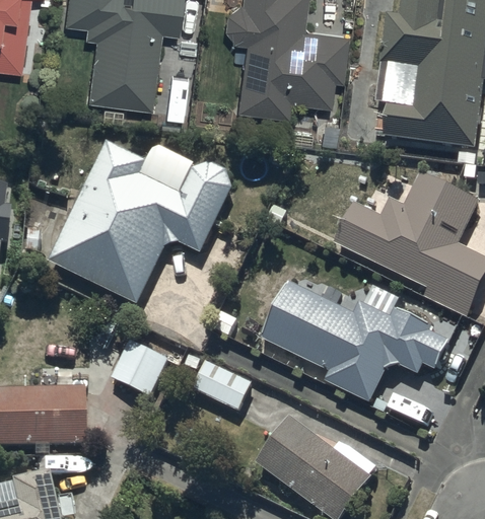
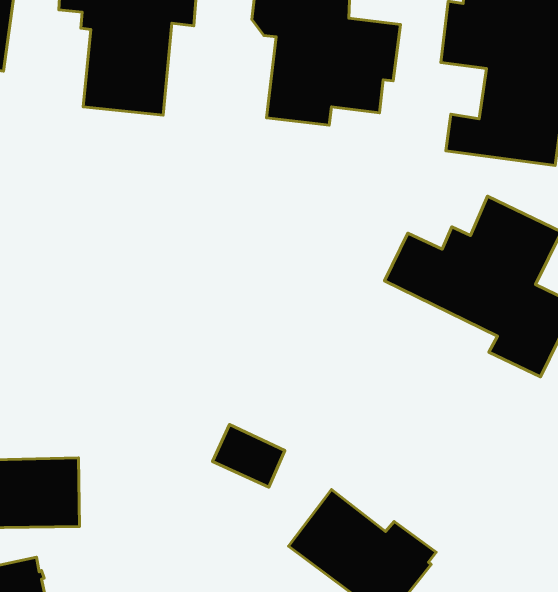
building: [49,139,232,302] -> none
building: [259,280,466,401] -> none
building: [112,339,168,395] -> none

